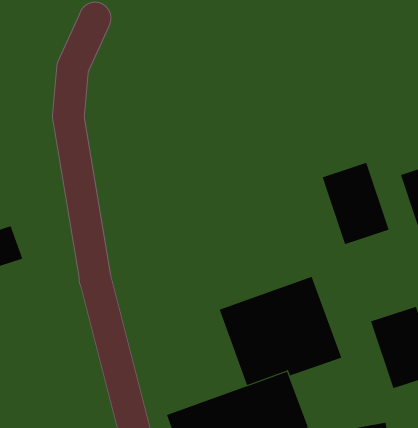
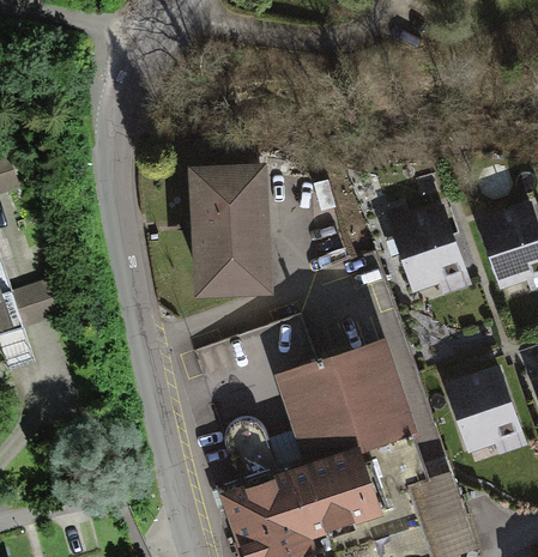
building: none -> [189,161,272,292]

